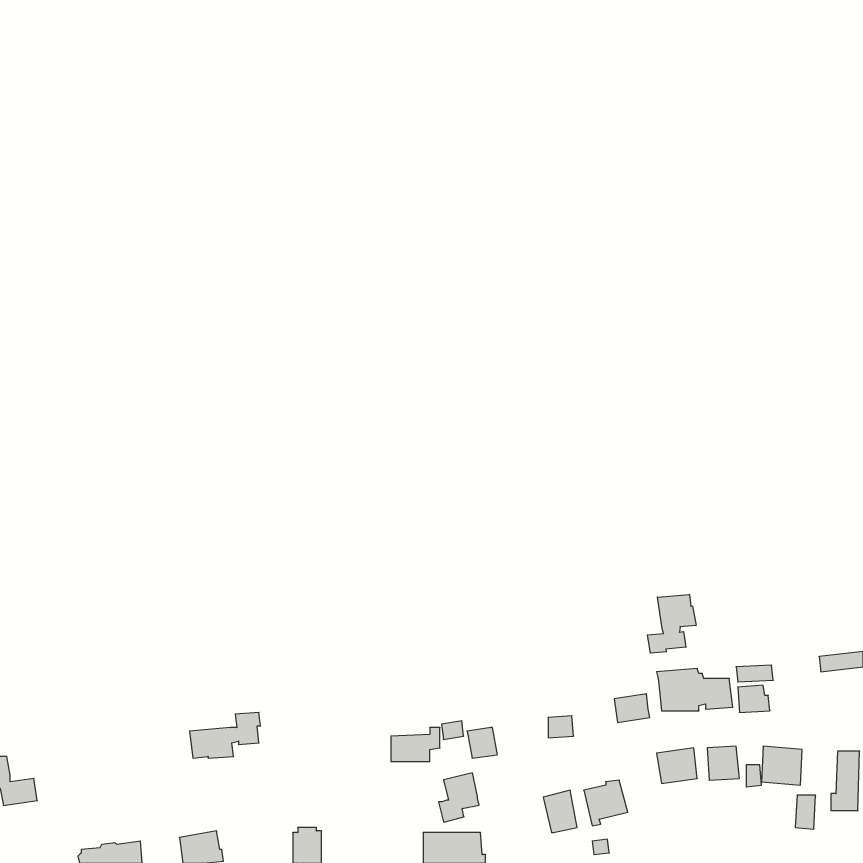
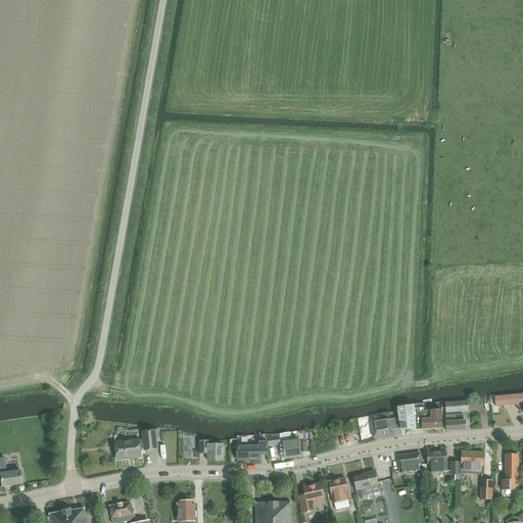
building: [647,594,696,653] -> none
building: none -> [198,440,223,460]
building: [439,773,479,822] -> [298,483,323,513]

